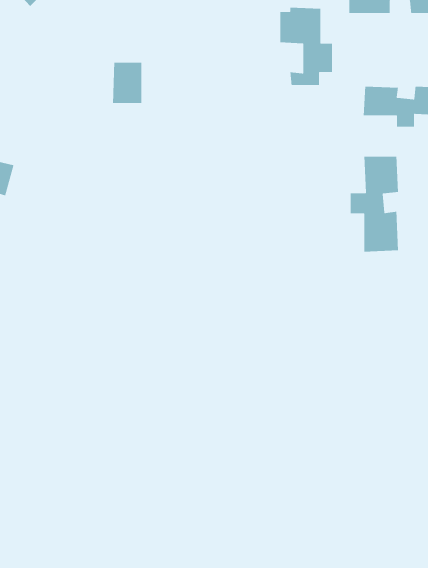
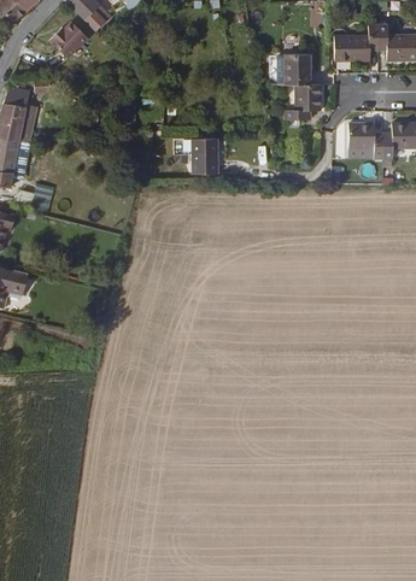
building: [112,62,142,104] -> [192,139,217,174]
building: [350,156,399,252] -> none

